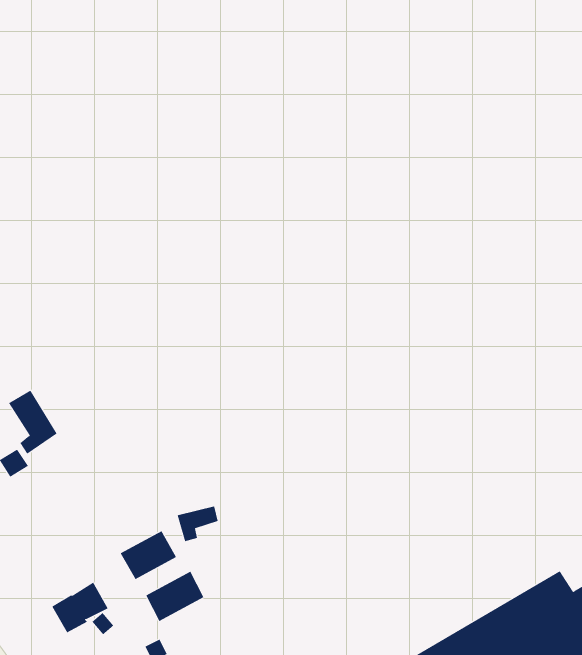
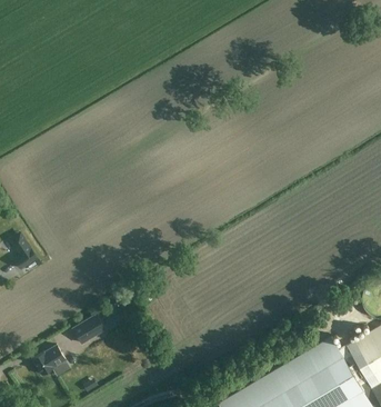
building: [146,571,204,622] -> none

